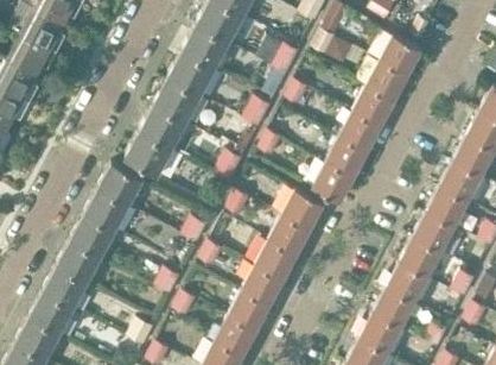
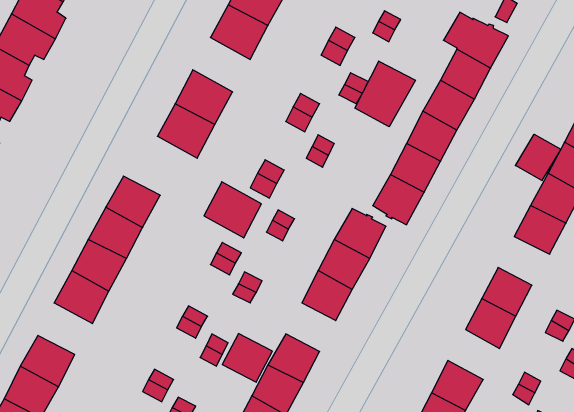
building: [167,51,214,95] -> none
building: none -> [355,61,415,127]
building: none -> [515,134,561,181]
building: [125,131,171,176] -> [204,182,261,238]
building: [413,212,454,251] -> none
building: [43,265,87,307] -> none
building: [242,265,282,304] -> [222,334,272,382]
building: [373,287,414,327] -> none

